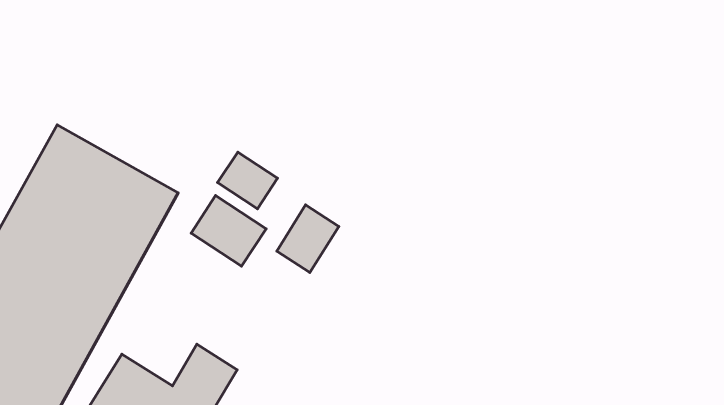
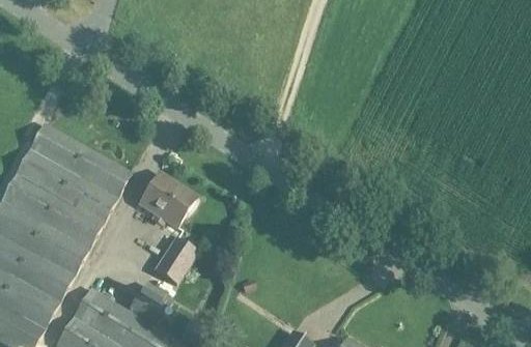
building: [218,152,277,209] -> none
building: [277,205,339,273] -> [155,236,199,285]

